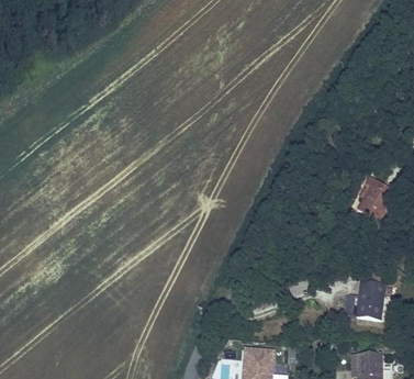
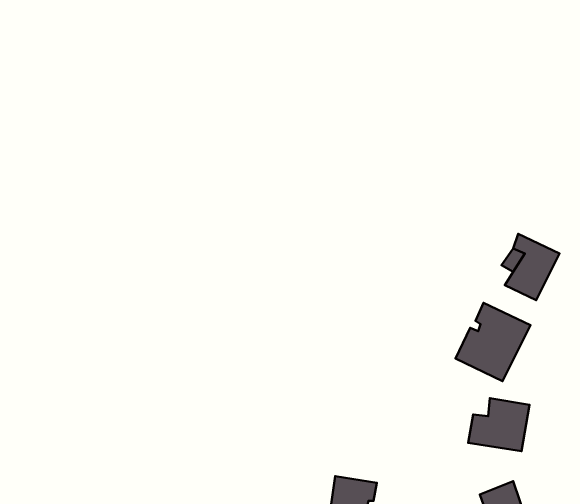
building: none -> [455,303,530,381]

